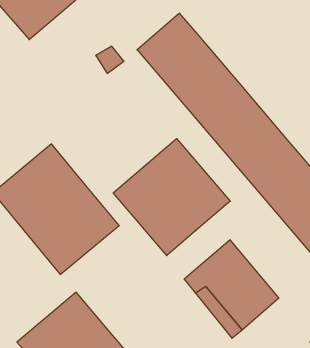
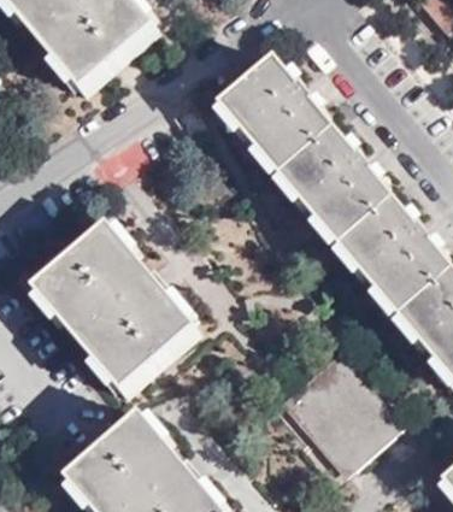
building: [113,139,230,256] -> none

